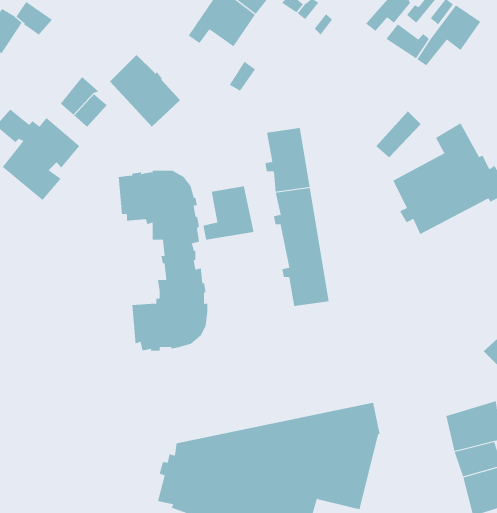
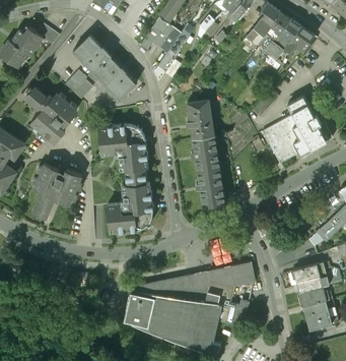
building: none -> [73,35,111,71]
building: [203,186,254,240] -> none
building: none -> [33,164,80,217]

